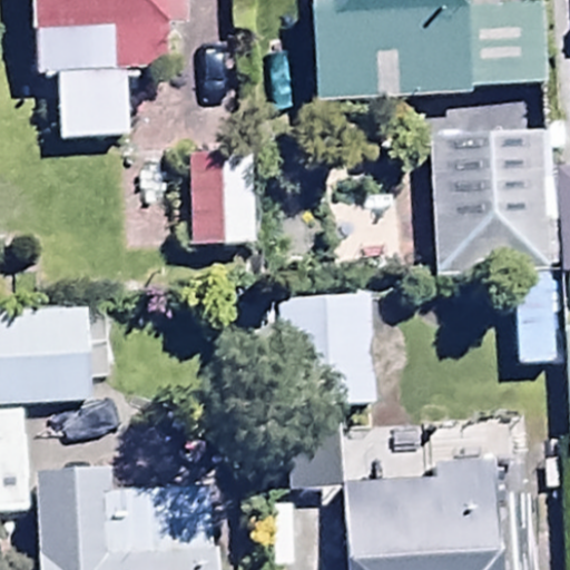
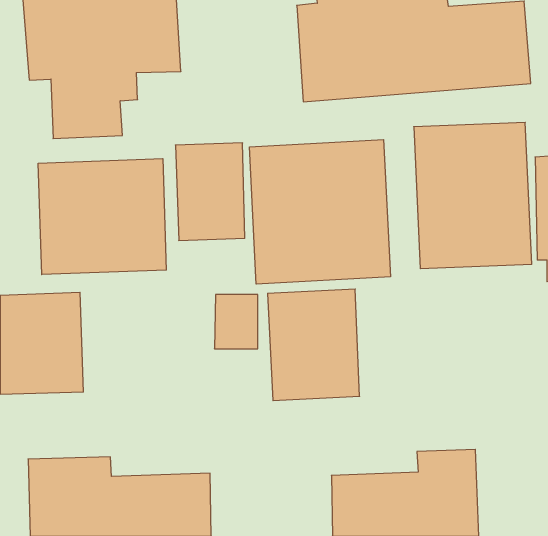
building: none -> [250,140,390,284]
building: none -> [38,159,166,275]

